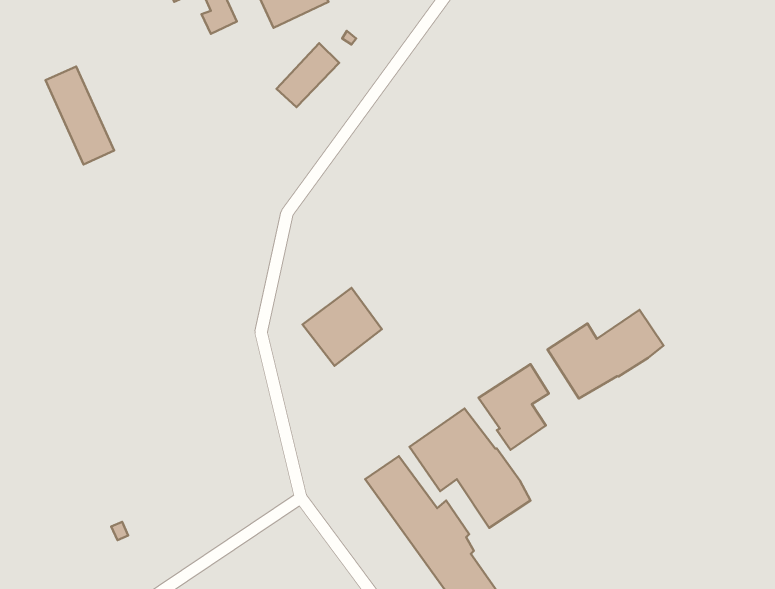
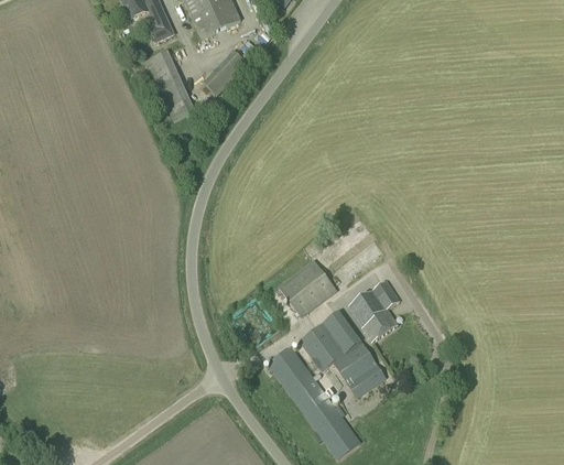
building: [45,66,114,164] -> [145,50,195,120]
building: [302,288,382,366] -> [278,260,335,316]
building: [547,310,664,398] -> none

